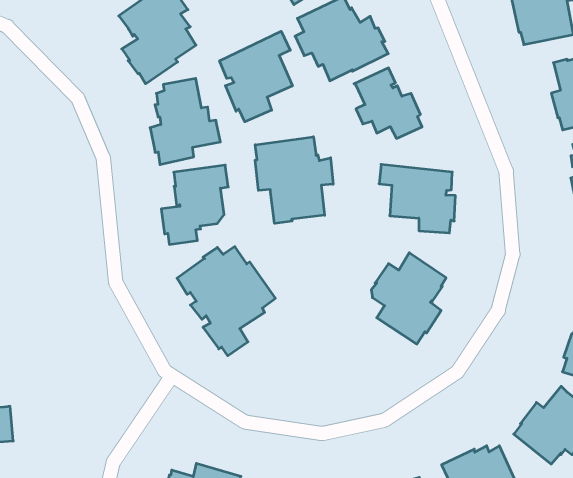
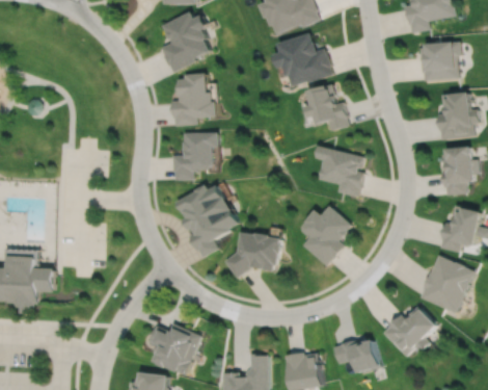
building: [220,31,292,122] -> none
building: [255,137,333,223] -> none
building: none -> [225,233,280,279]

